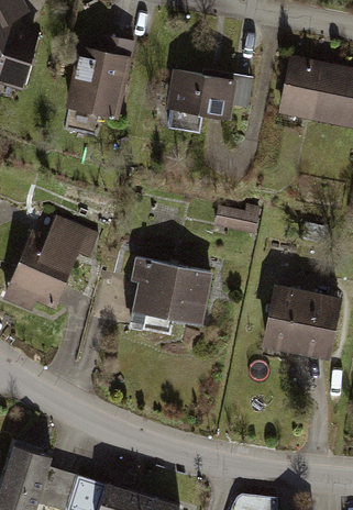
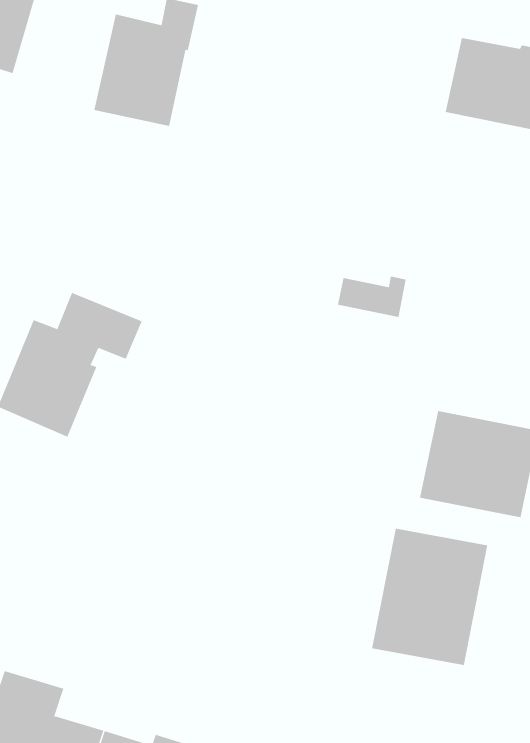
building: [168,70,233,132] -> none
building: [133,257,210,334] -> none
building: none -> [372,528,488,666]

